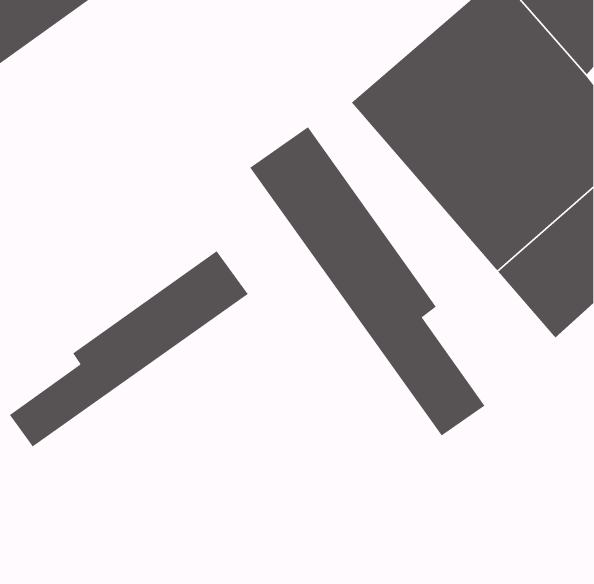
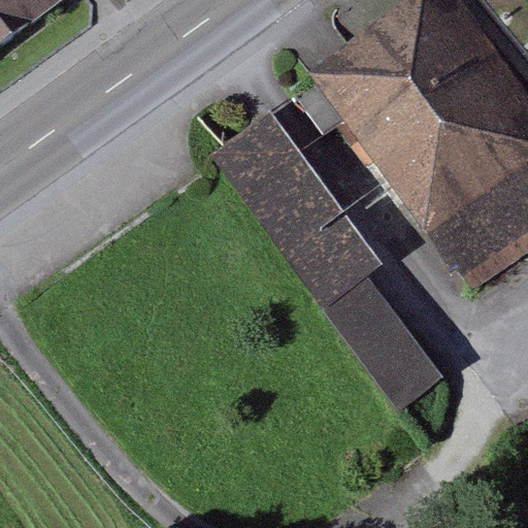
building: [9,250,249,448] -> none

